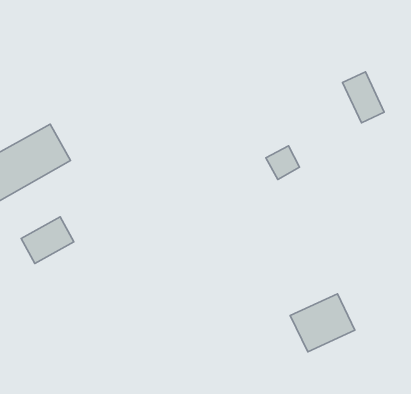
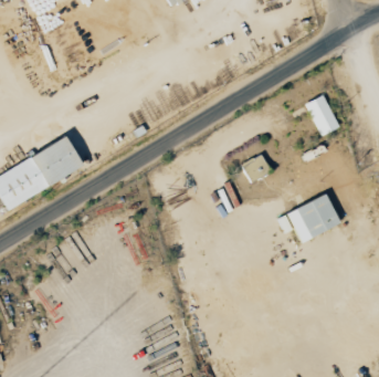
building: [21,217,74,264] -> none
building: [290,294,355,352] -> [287,195,340,242]

